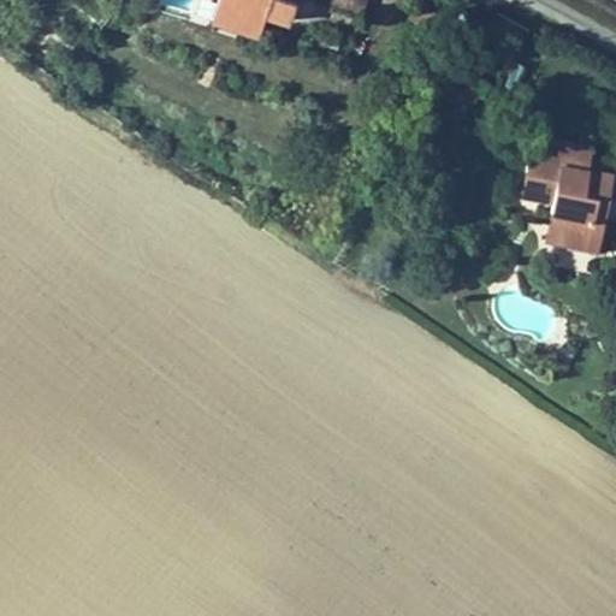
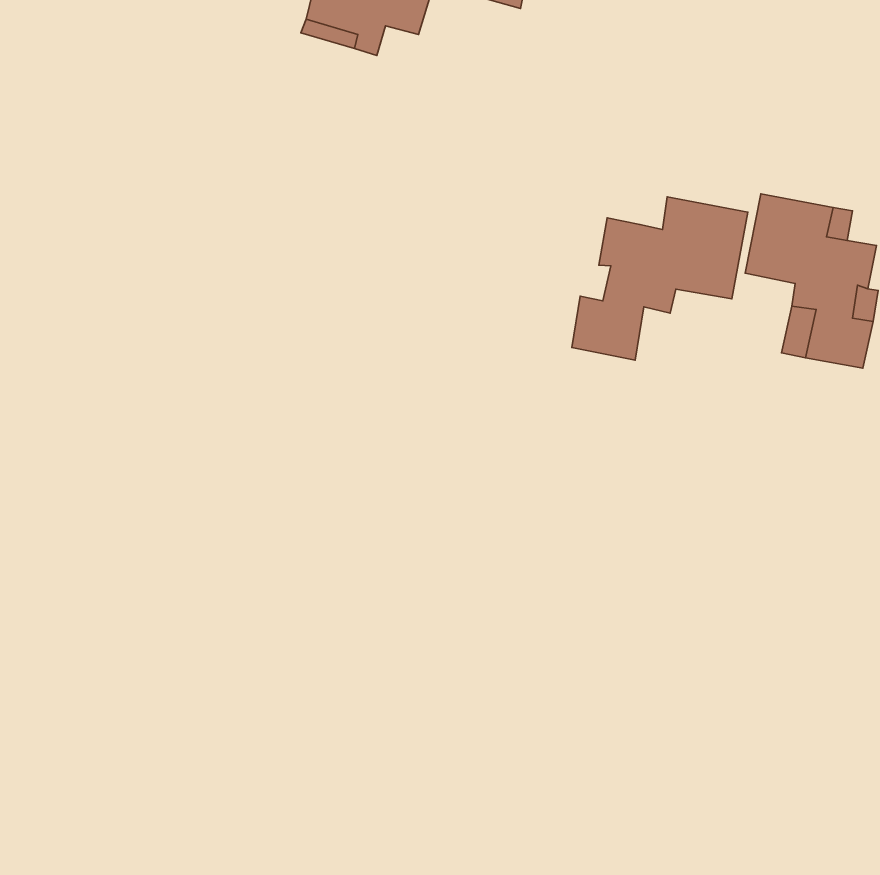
building: none -> [572,197,748,360]

